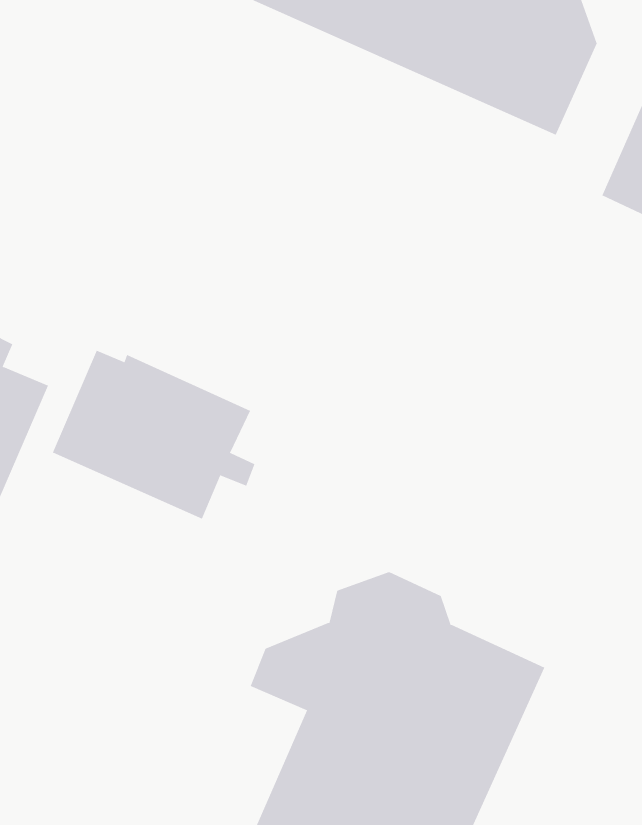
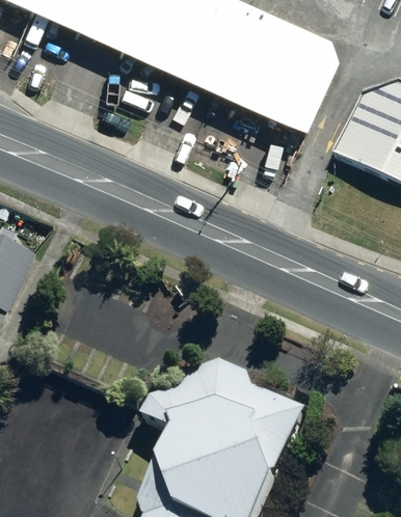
building: [52,350,255,520] -> none

